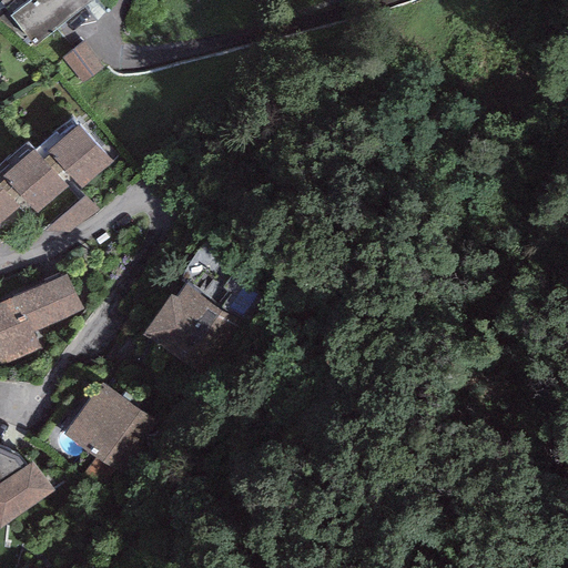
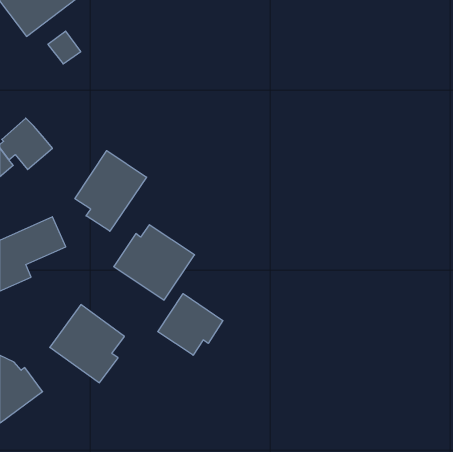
building: [42,122,111,186] -> none
building: none -> [75,151,147,231]
building: none -> [158,294,223,355]

